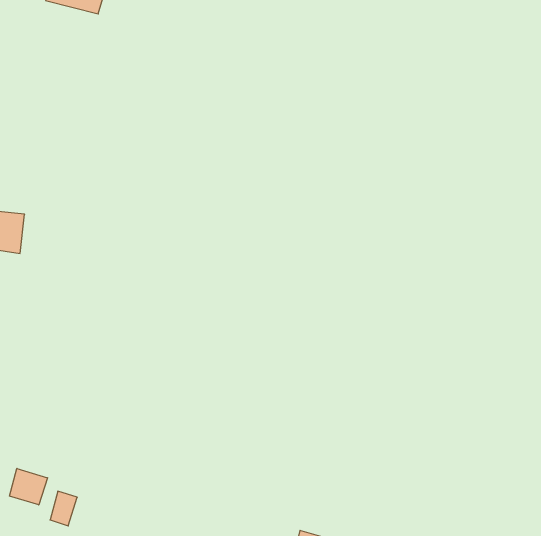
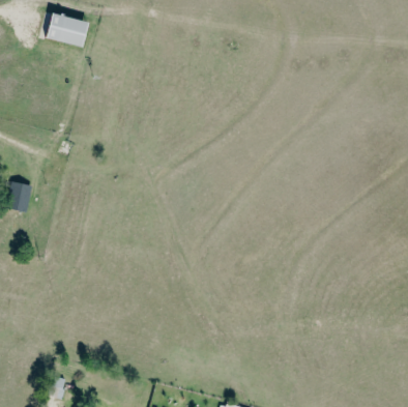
building: [9,468,48,505] -> none

